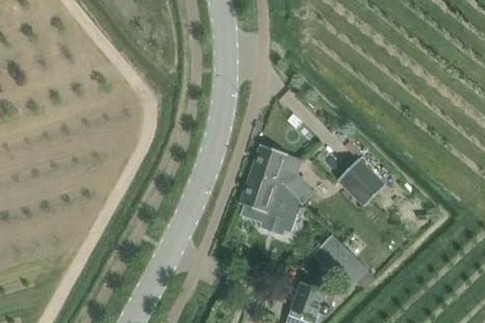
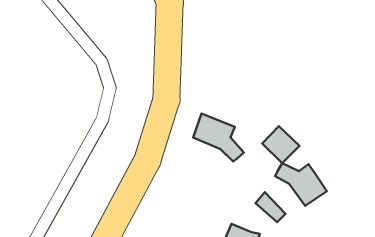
building: [240,174,300,235] -> none
building: none -> [275,163,327,206]

